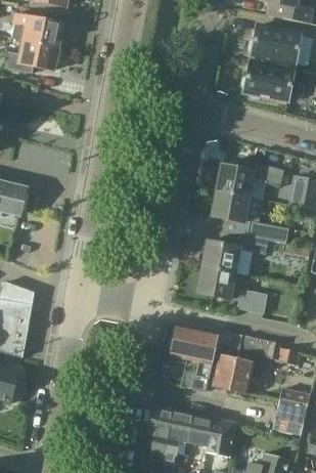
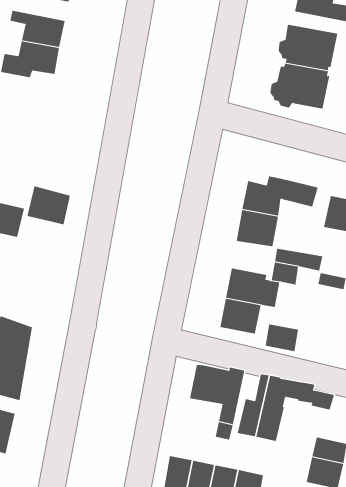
building: none -> [27,186,71,225]

